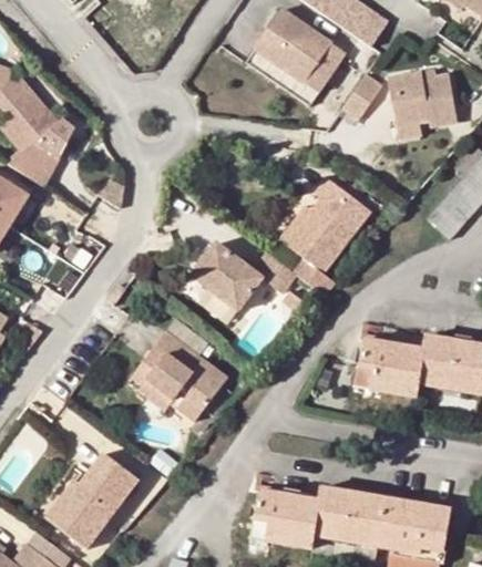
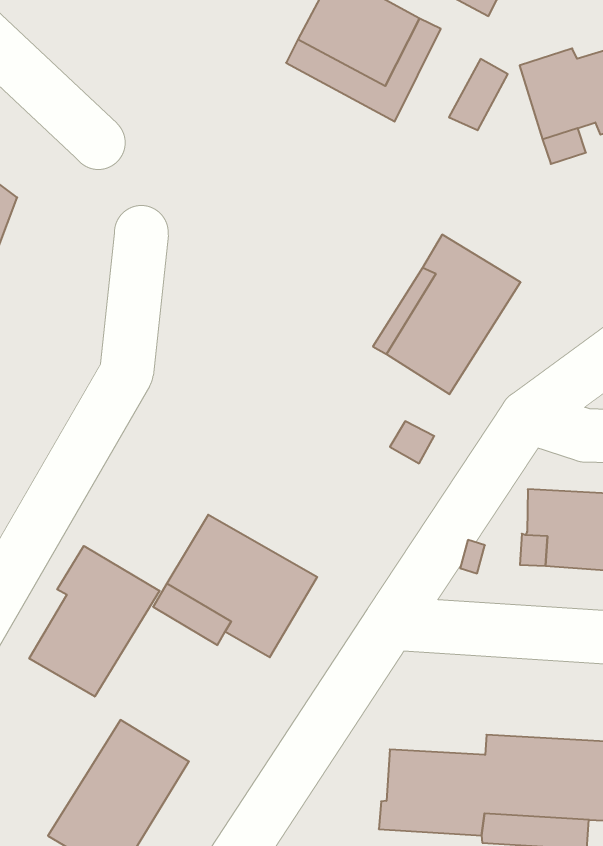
building: [193,245,297,312] -> none
building: none -> [29,546,160,697]

